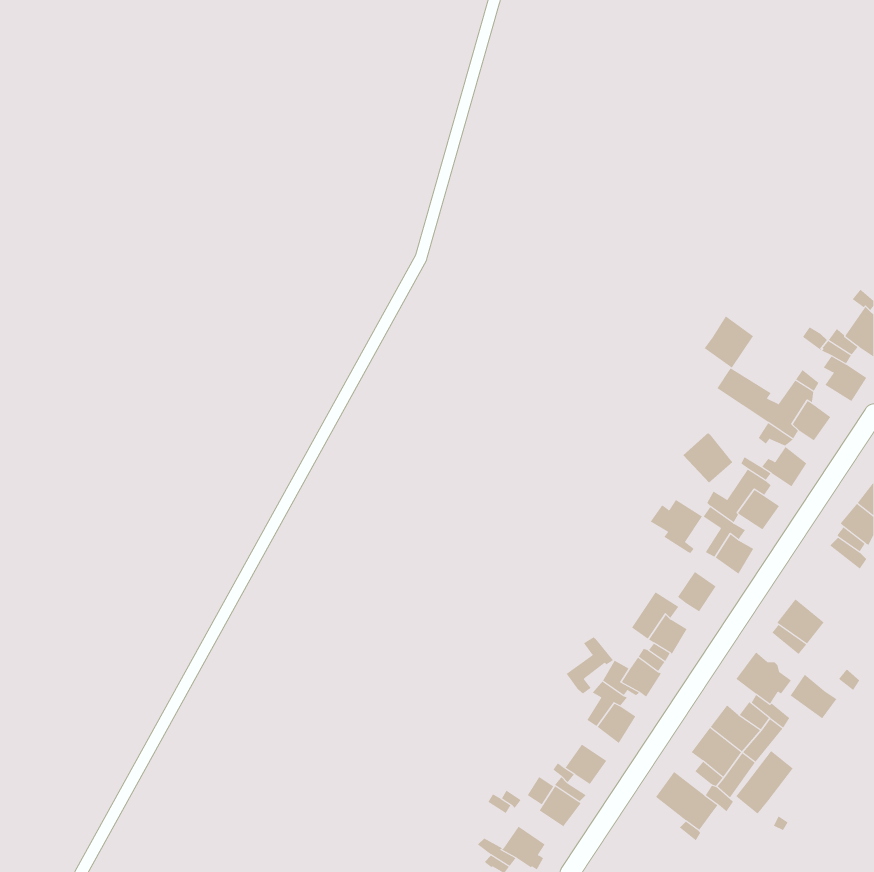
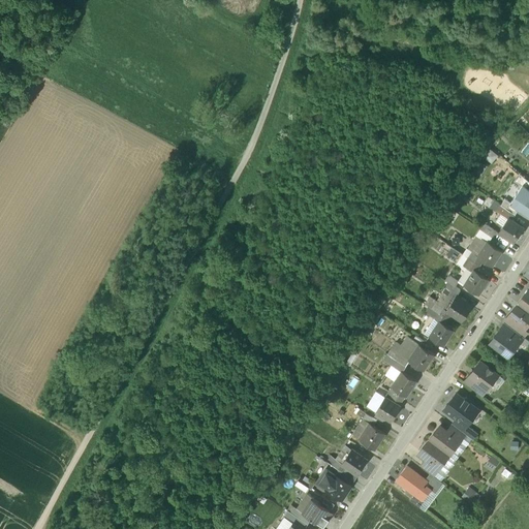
building: [704,316,754,369] -> none
building: [682,432,733,484] -> none
building: [650,499,703,554] -> [387,336,419,369]
building: none -> [491,331,520,359]
building: [566,637,614,694] -> none
building: [790,674,837,719] -> none
building: [735,750,793,815] -> none

